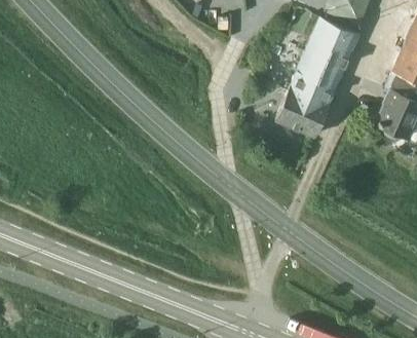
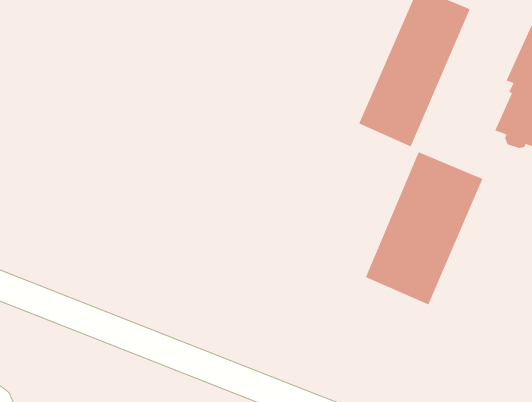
building: none -> [365,151,483,305]

